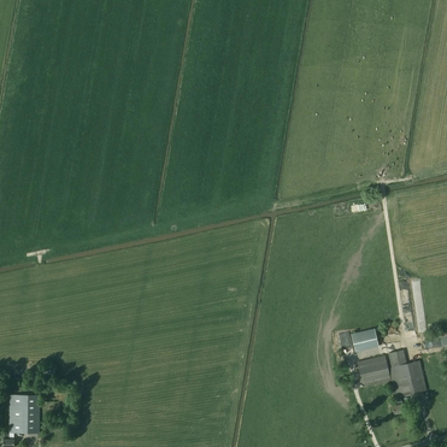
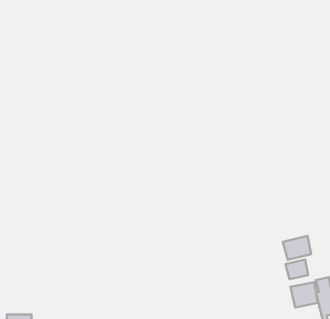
building: none -> [283,236,311,260]

